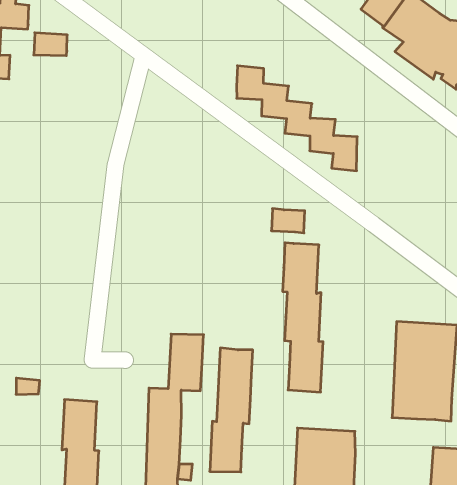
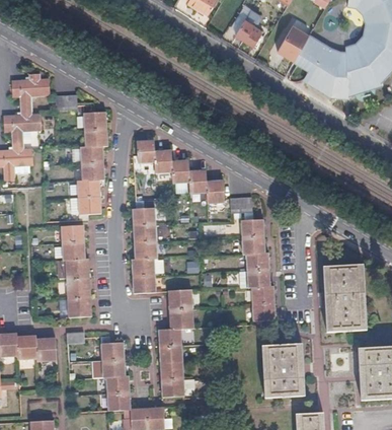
building: none -> [76,111,107,214]
building: [237,66,357,171] -> [135,140,224,203]
building: none -> [60,224,90,316]
building: [210,348,253,472] -> [132,207,157,293]

